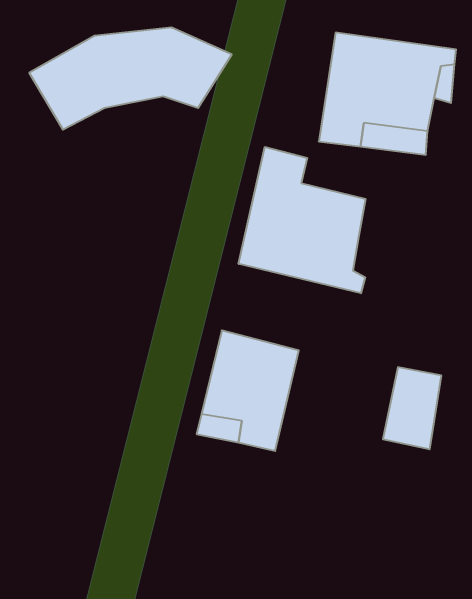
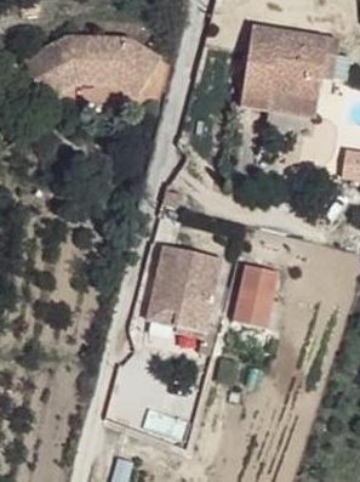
building: [239,147,366,293] -> none
building: [383,367,441,449] -> [233,271,275,330]

